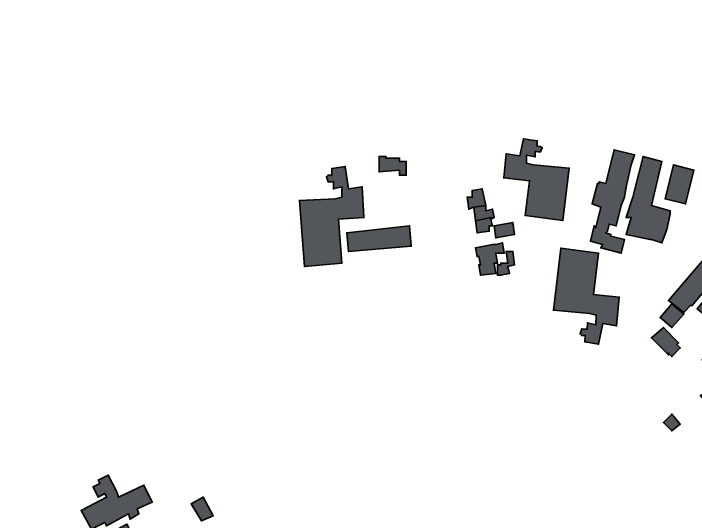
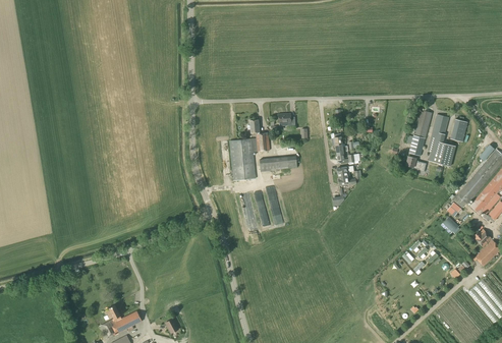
building: [504,139,569,220] -> none
building: [553,248,619,344] -> none

